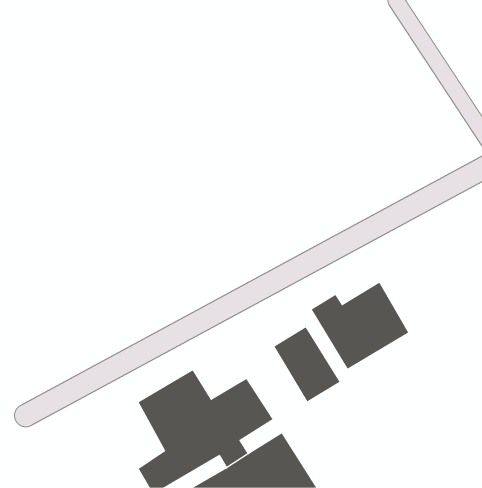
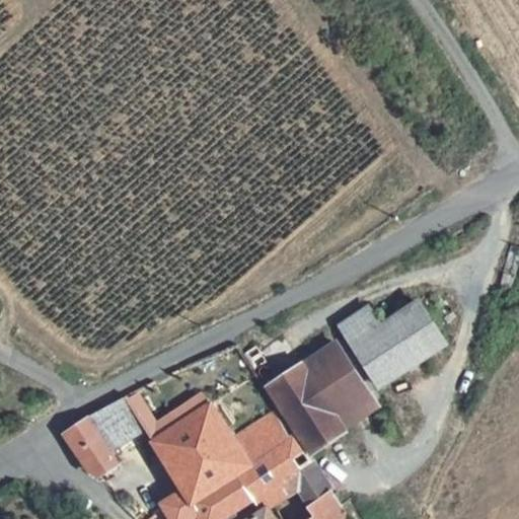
building: none -> [266,368,336,449]
building: none -> [75,397,153,471]

